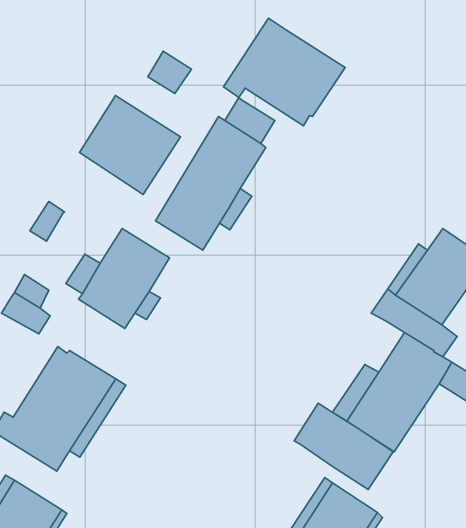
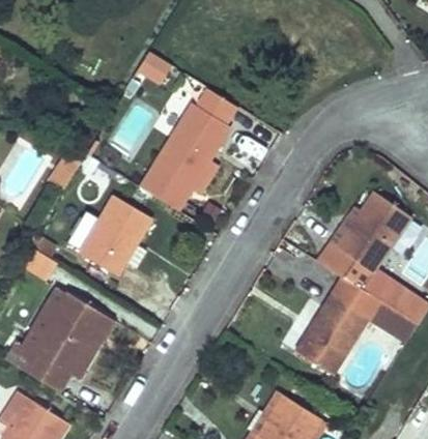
building: [224,18,345,126] -> none
building: [80,95,181,195] -> none
building: [294,403,393,490] -> none

